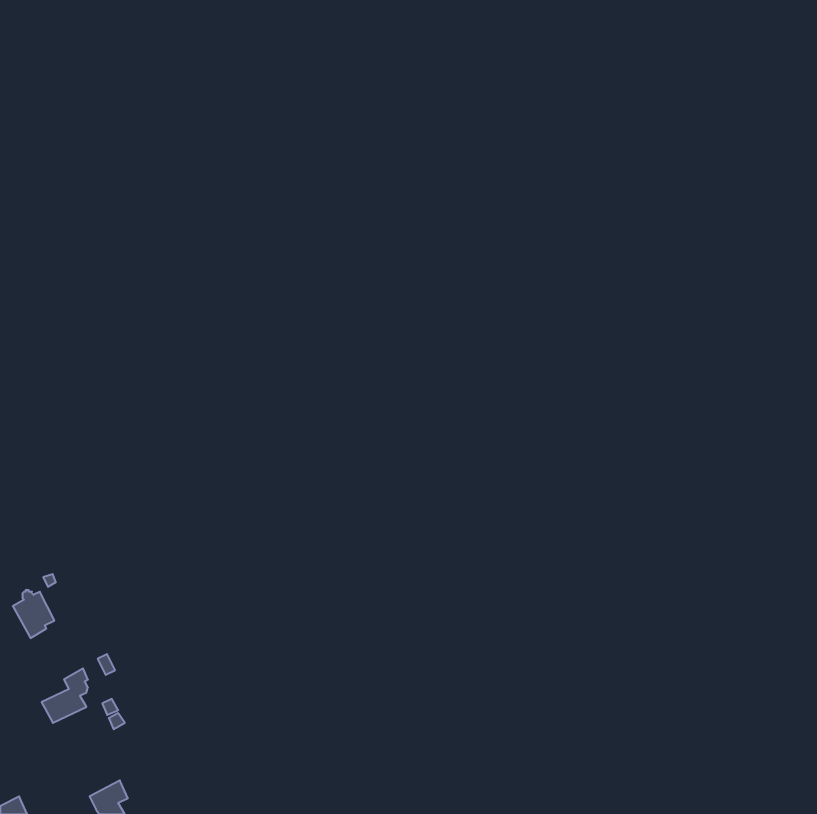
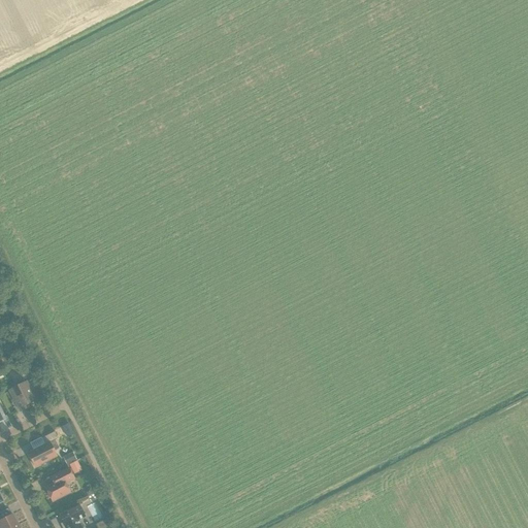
building: none -> [44,467,73,501]

